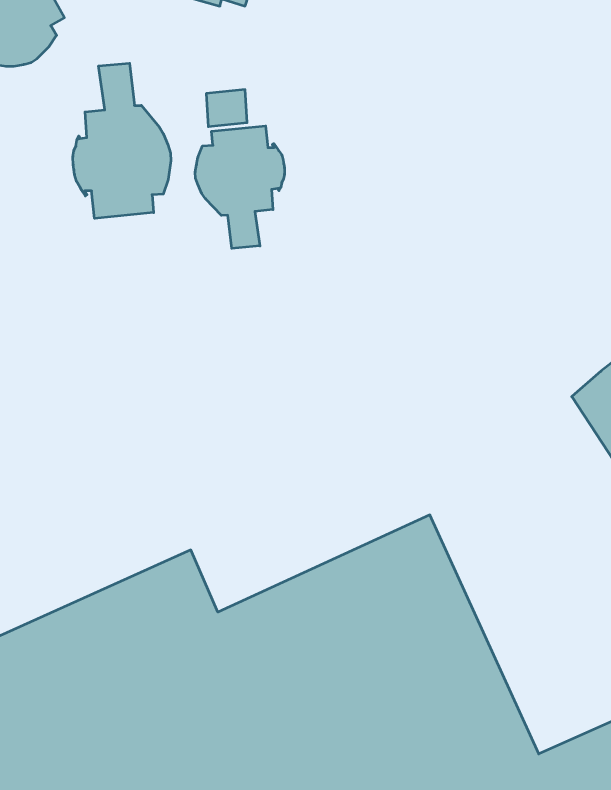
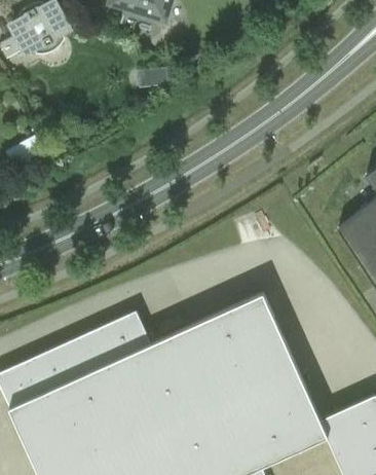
building: [73,63,171,218] -> none
building: [195,126,284,248] -> none

